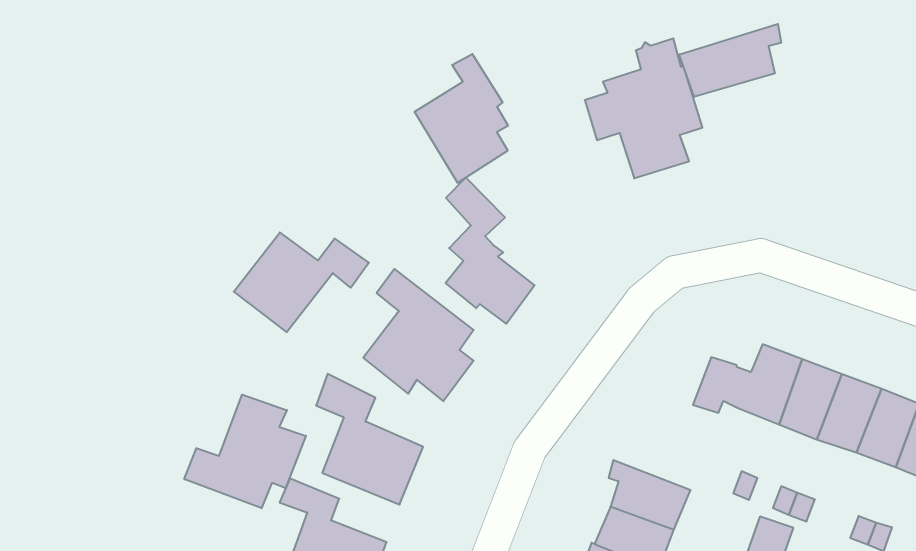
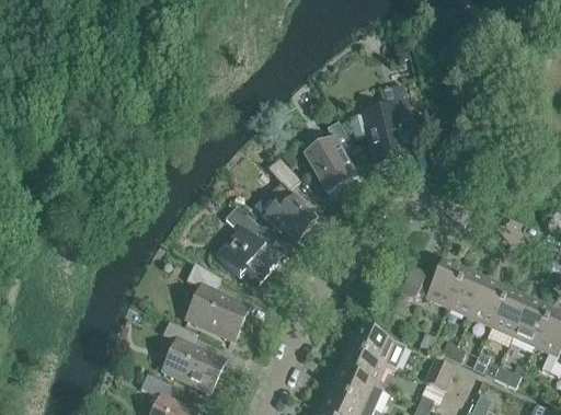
building: [679,24,781,97] -> none
building: [414,54,508,183] -> [306,123,358,195]
building: [234,232,369,332] -> none
building: [184,395,306,508] -> none

